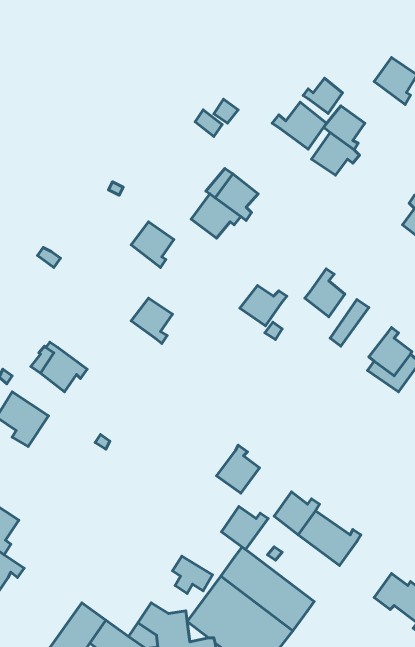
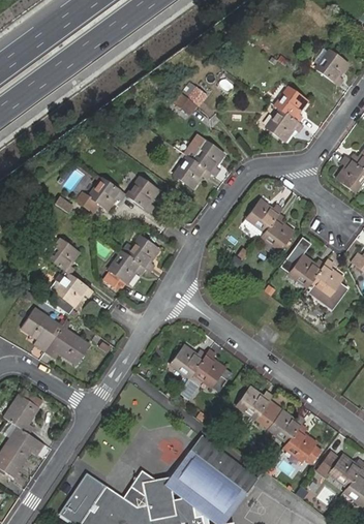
building: [303,78,343,114] -> none
building: [272,102,326,149] -> none
building: none -> [78,177,125,211]
building: [240,286,287,326] -> [244,199,280,230]
building: none -> [46,238,79,274]
building: none -> [101,251,144,291]
building: none -> [287,254,324,286]
building: none -> [46,327,89,365]
building: [222,507,268,549] -> [170,344,206,377]
building: none -> [283,424,318,463]

